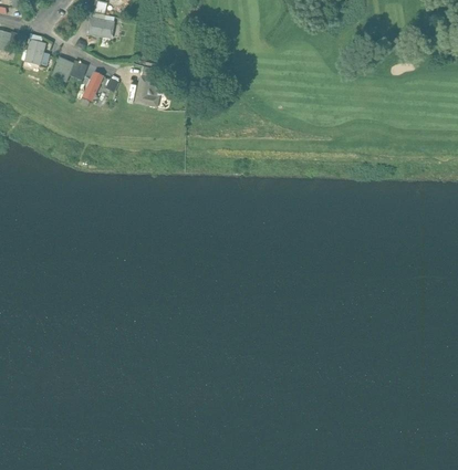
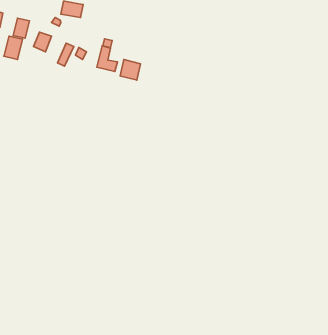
building: none -> [4,36,23,59]
building: none -> [120,60,140,80]

